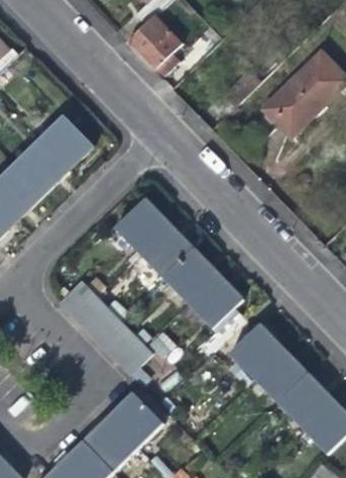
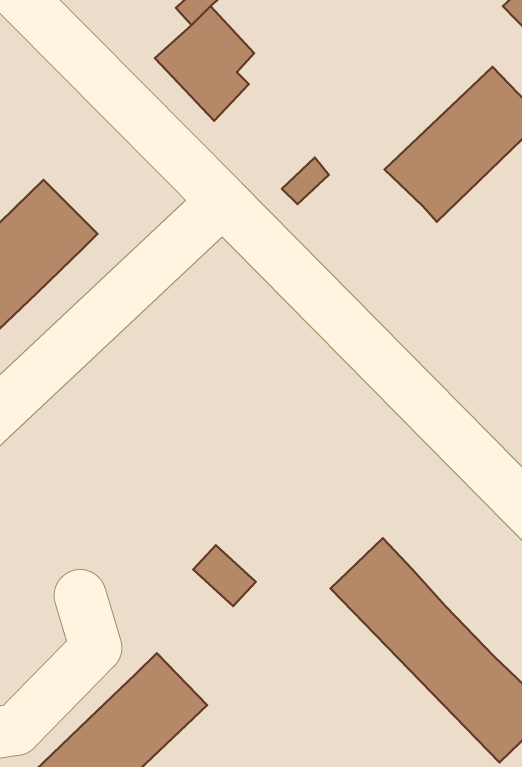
building: [112,196,240,328] -> none
building: [59,277,154,375] -> none

